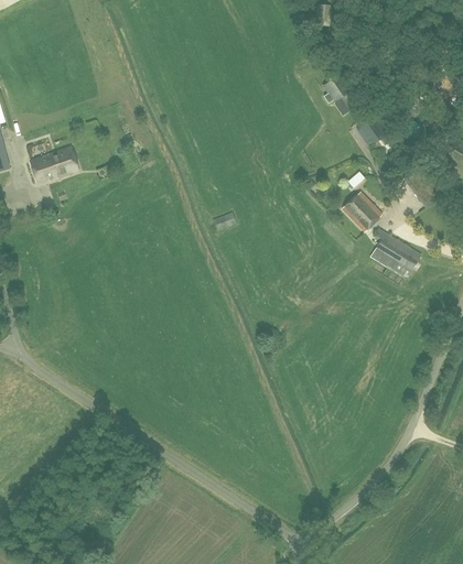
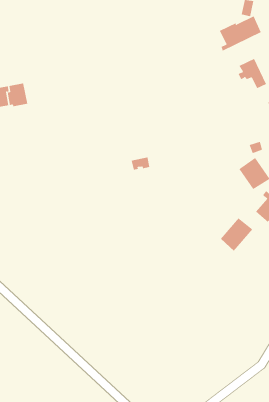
building: none -> [219,16,262,51]
building: none -> [220,218,253,251]

